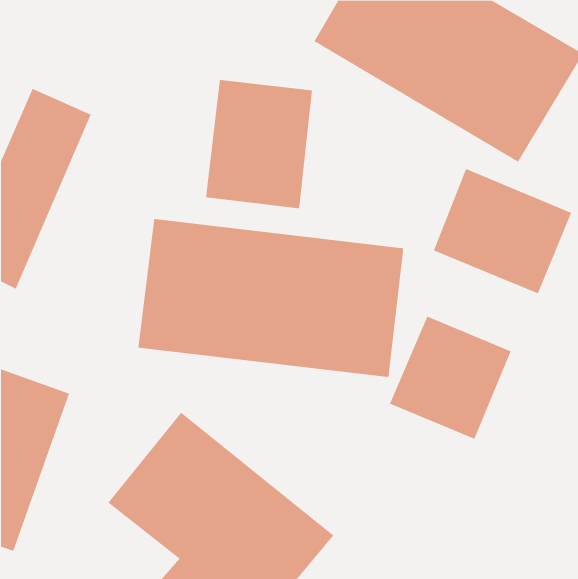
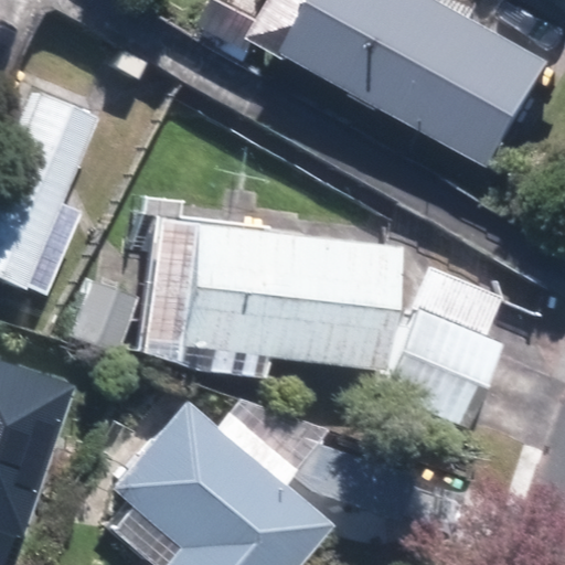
building: [206,79,313,209] -> none
building: [433,168,572,294] -> none

